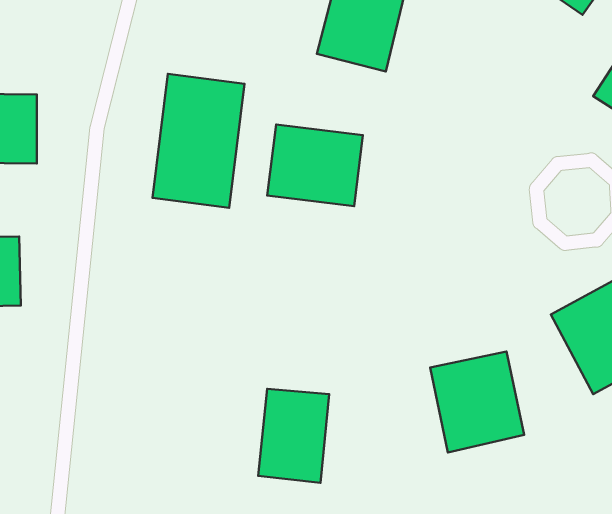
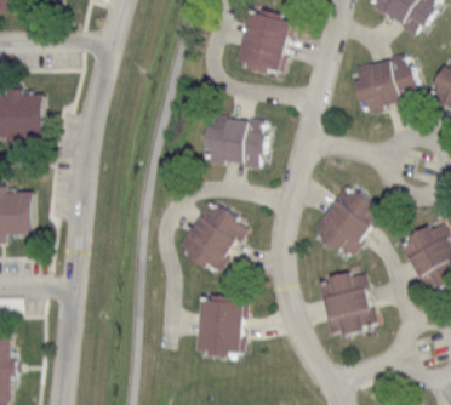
building: none -> [349,51,421,116]
building: [153,74,244,208] -> none
building: none -> [308,182,383,259]
building: none -> [175,198,249,275]

